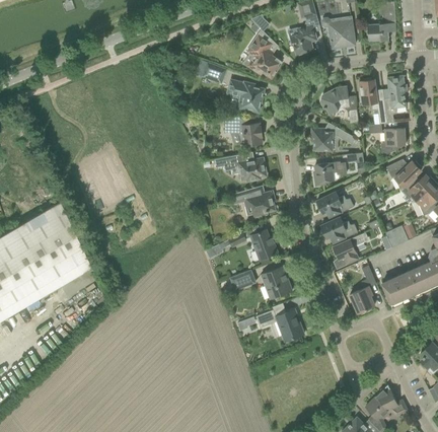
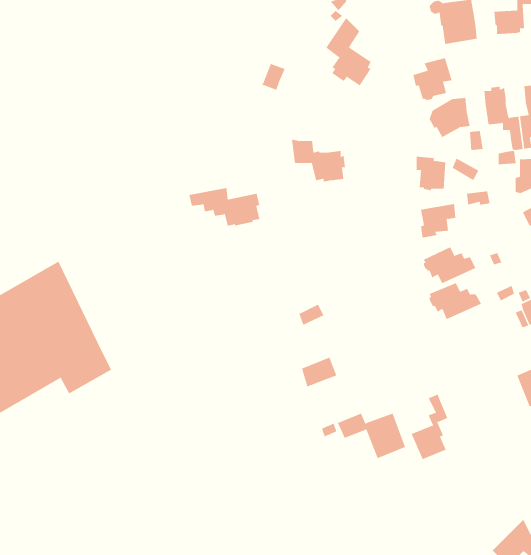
building: [289,24,317,55] -> [412,57,453,100]
building: [226,79,264,112] -> none
building: [214,154,265,182] -> [188,188,260,226]
building: [231,190,275,217] -> none
building: [249,229,278,261] -> none
building: [333,234,364,264] -> none
building: [260,266,292,299] -> none
building: [349,266,375,312] -> [411,394,448,460]

